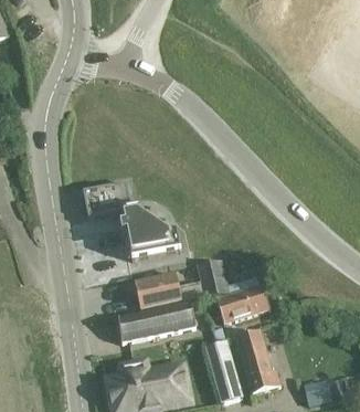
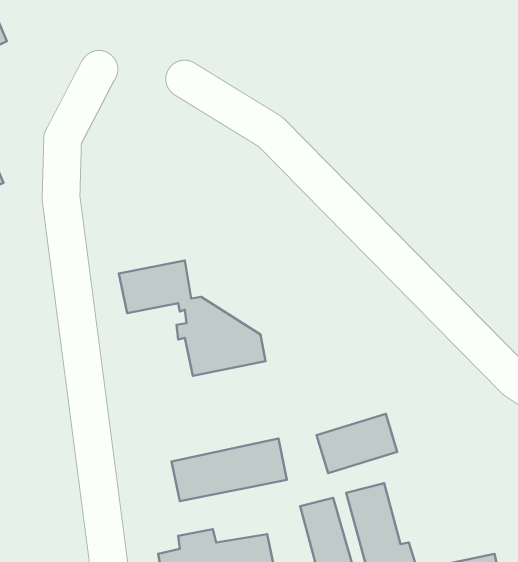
building: [134,258,227,309] -> none

